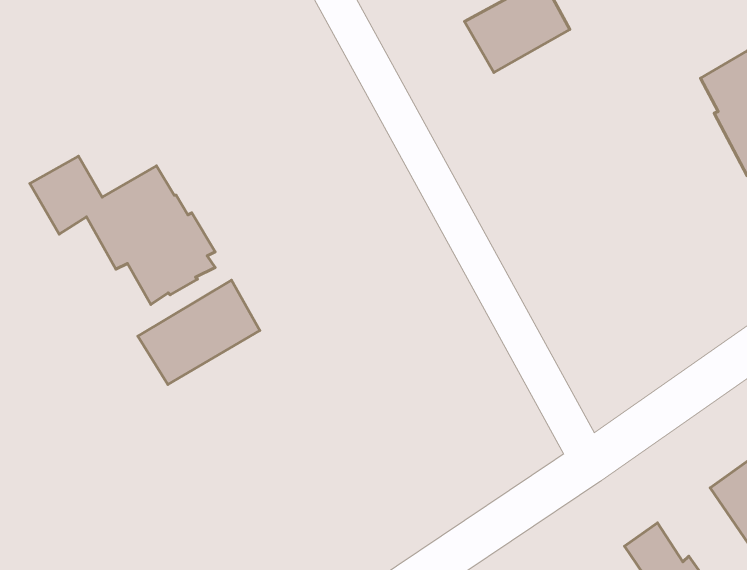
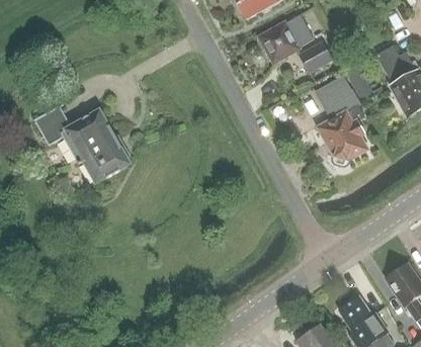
building: none -> [299,41,333,74]
building: none -> [315,75,368,165]
building: [138,280,260,385] -> none

